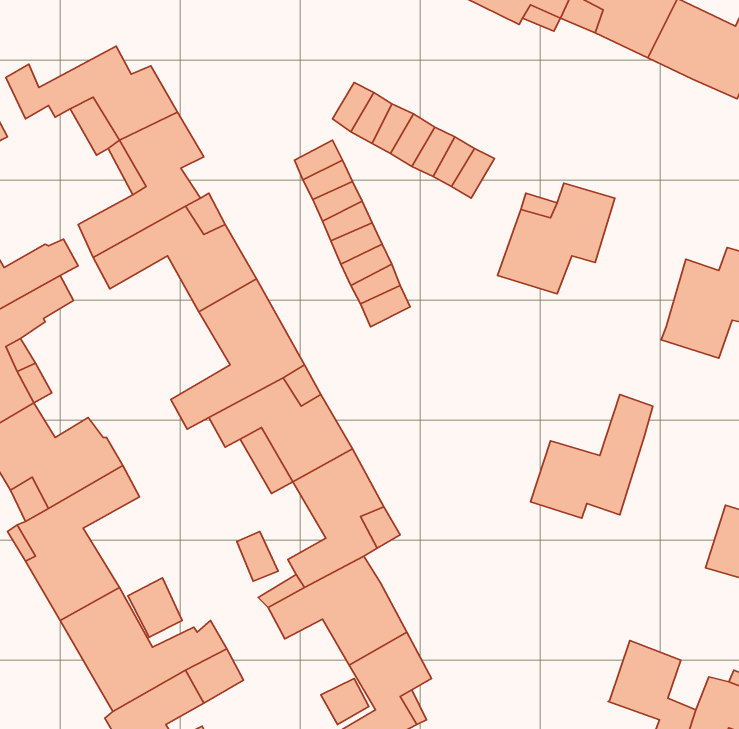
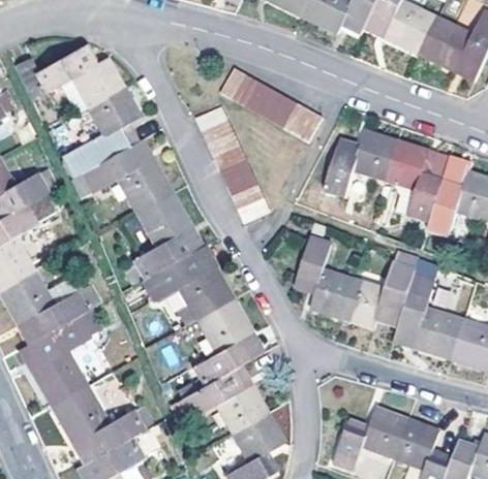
building: none -> [385,140,448,221]
building: none -> [297,250,357,330]
building: none -> [400,289,466,372]
building: none -> [334,407,406,467]

